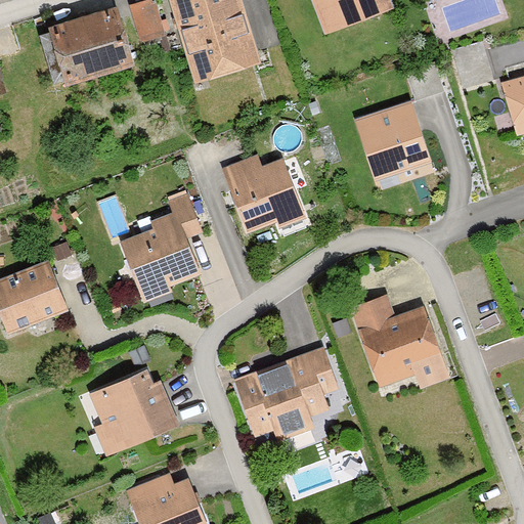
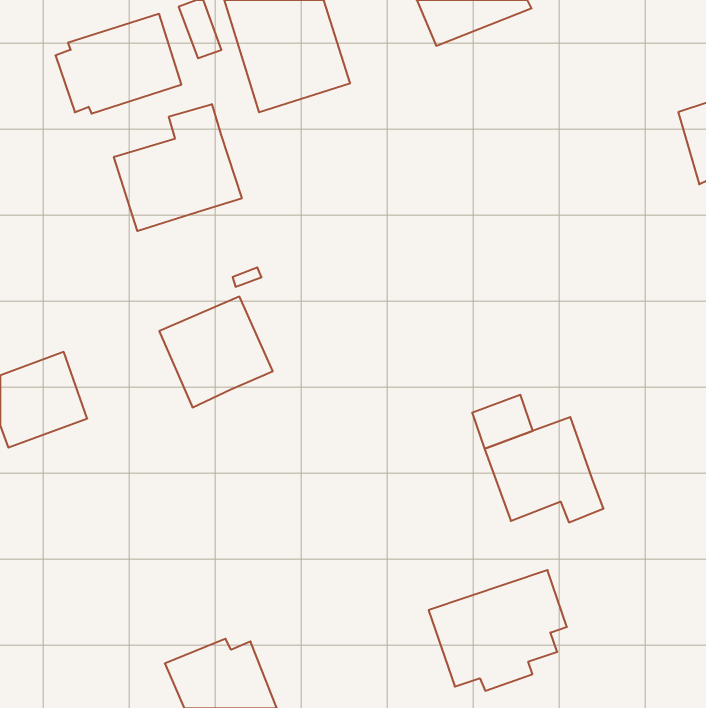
building: none -> [114,104,242,231]
building: [358,104,436,183] -> none
building: [221,152,303,231] -> none
building: [235,346,338,435] -> [429,570,567,691]
building: [88,366,178,454] -> none

